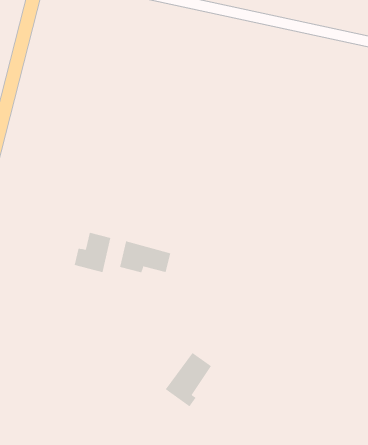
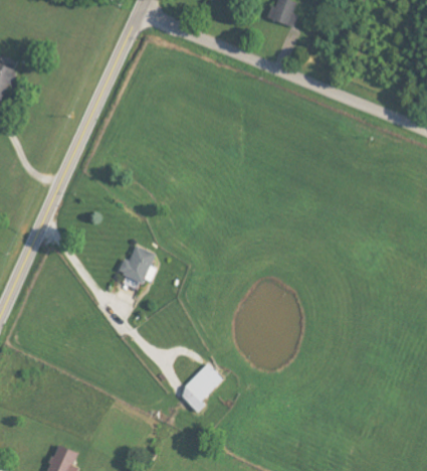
building: [119,241,171,273] -> none

